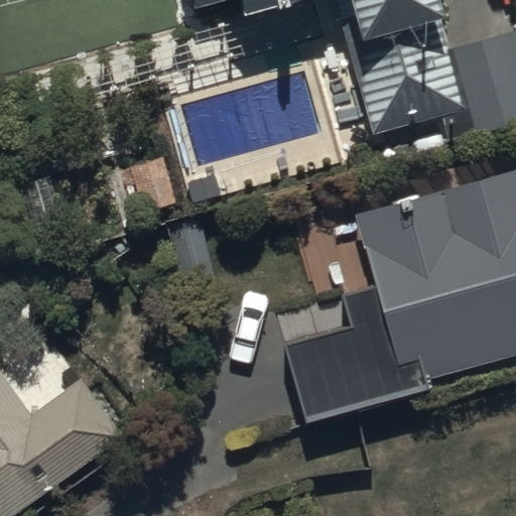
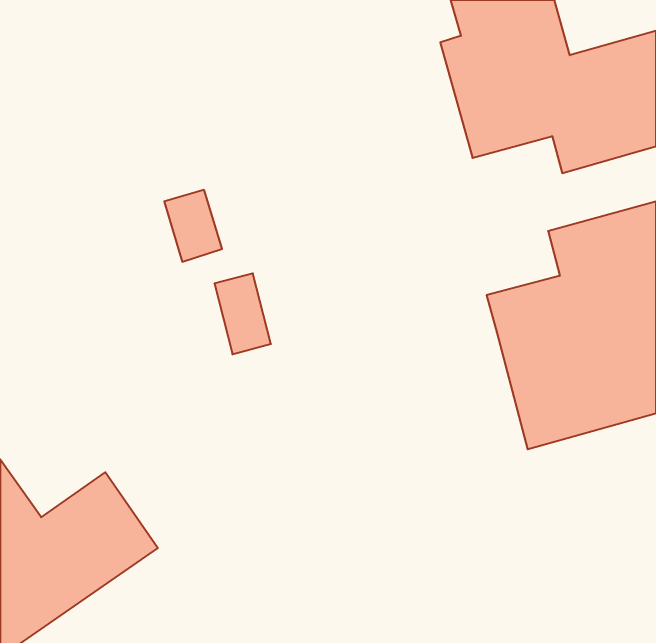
building: [287,271,414,390] -> none

